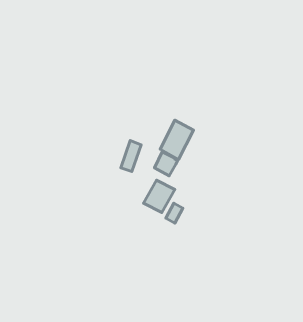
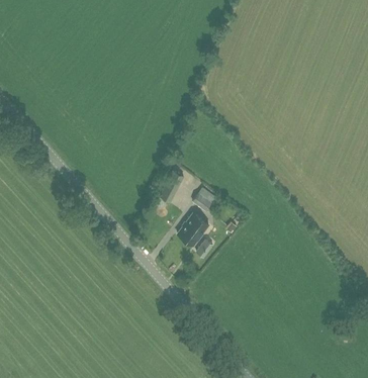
building: [160,120,193,159] -> none

